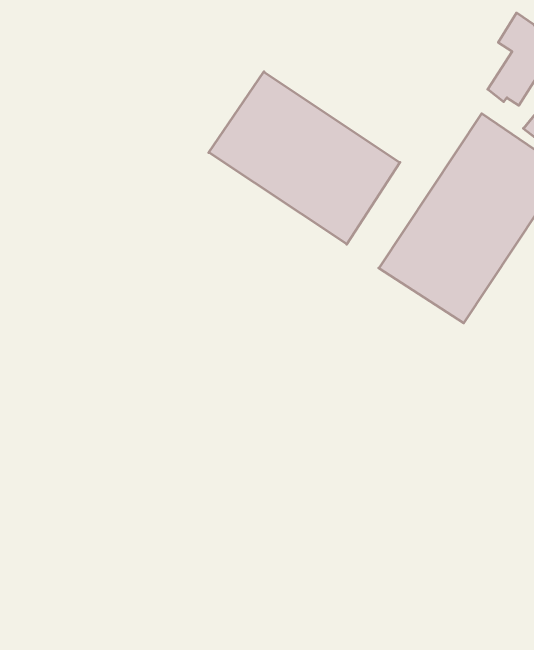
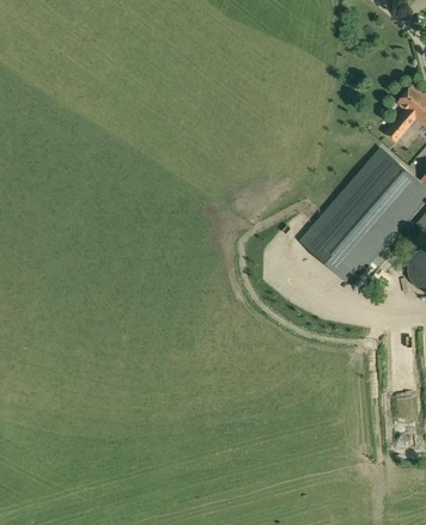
building: [209,72,400,244] -> none

